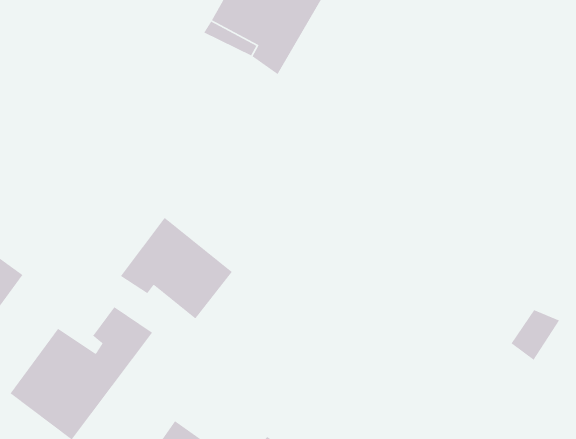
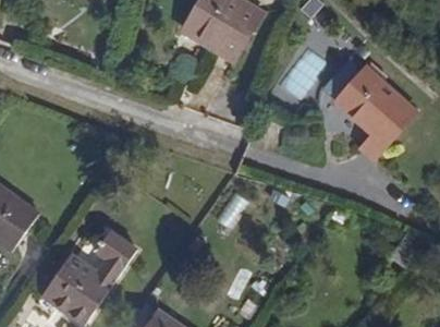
building: none -> [333,65,417,158]
building: [120,217,233,319] -> none

